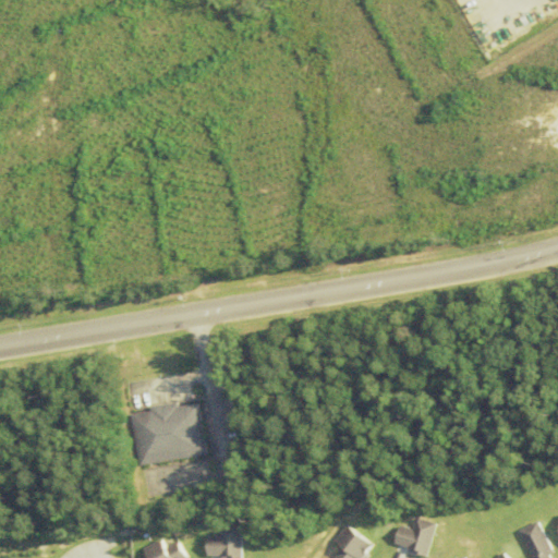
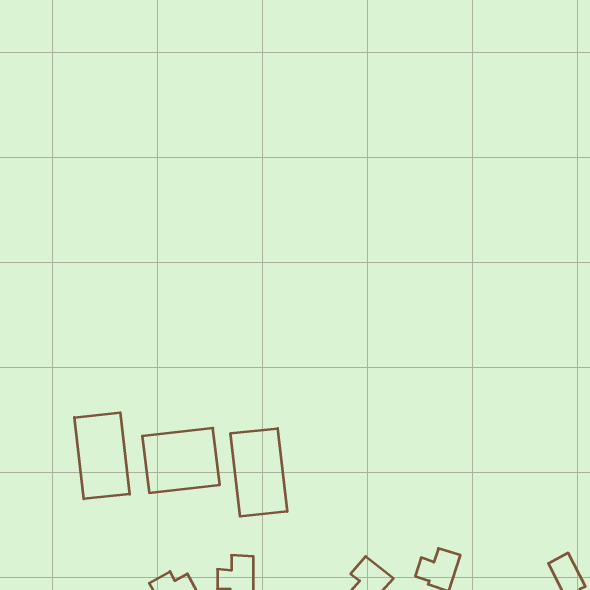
building: none -> [74,413,130,499]
building: none -> [231,428,287,516]

